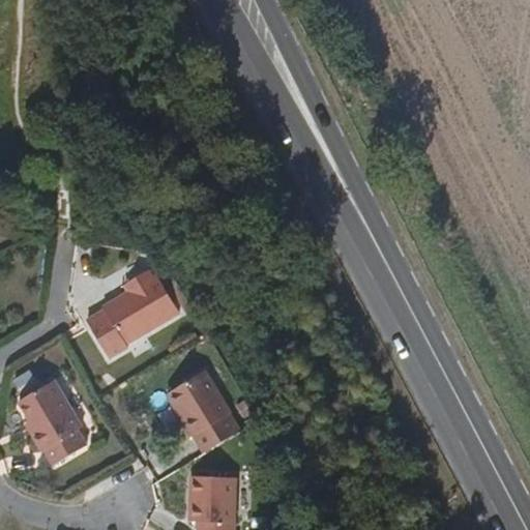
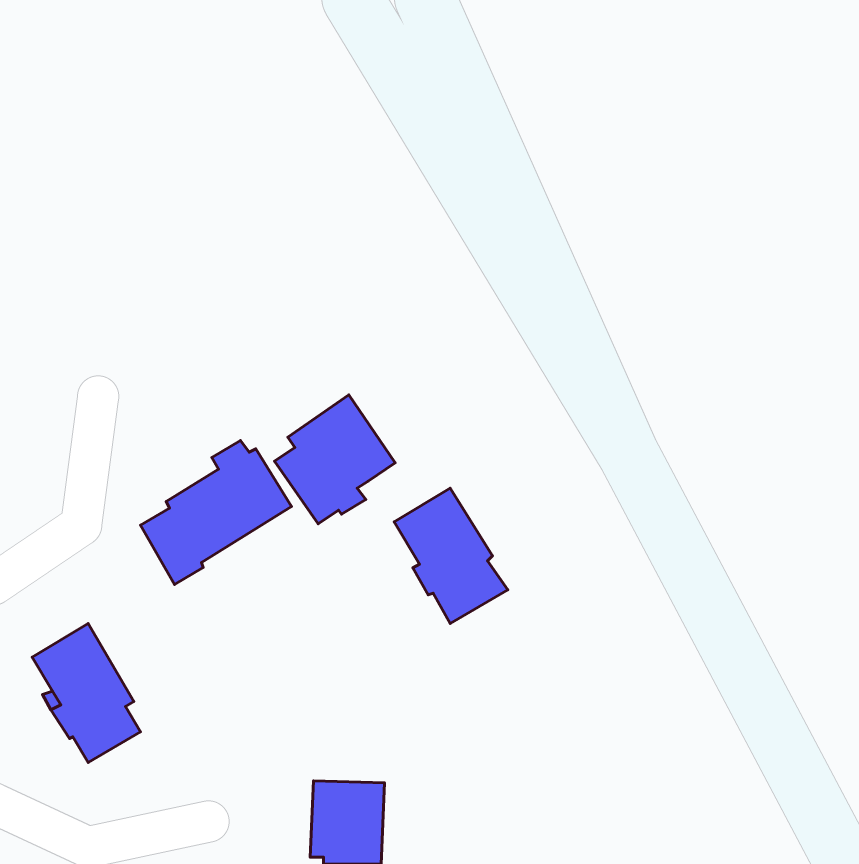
building: none -> [274,395,395,524]
building: [170,372,239,454] -> [394,488,508,624]

